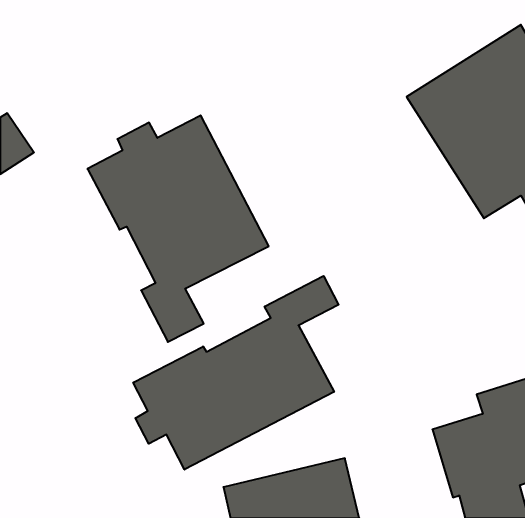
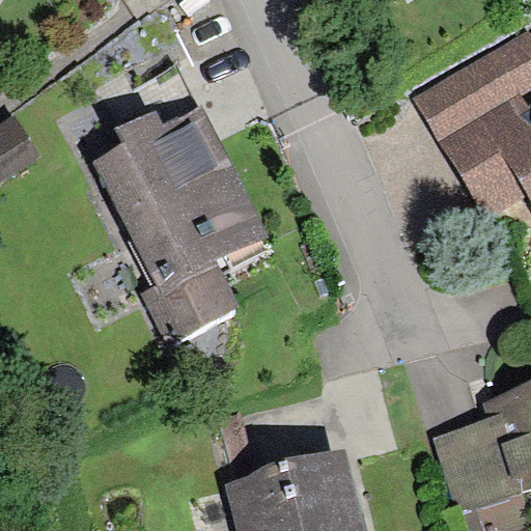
building: [133,276,339,470] -> none

